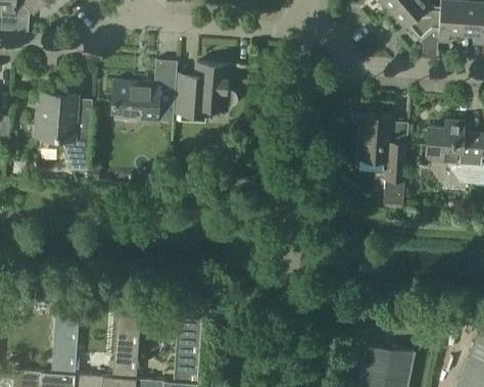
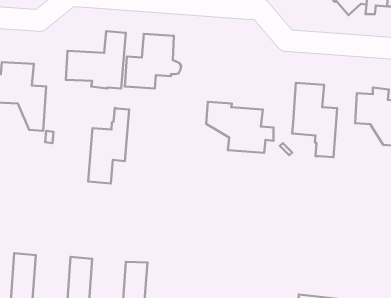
building: none -> [206,102,274,153]
building: none -> [88,108,129,184]

